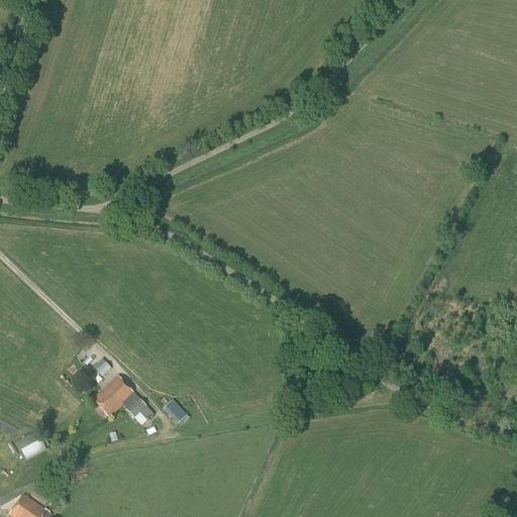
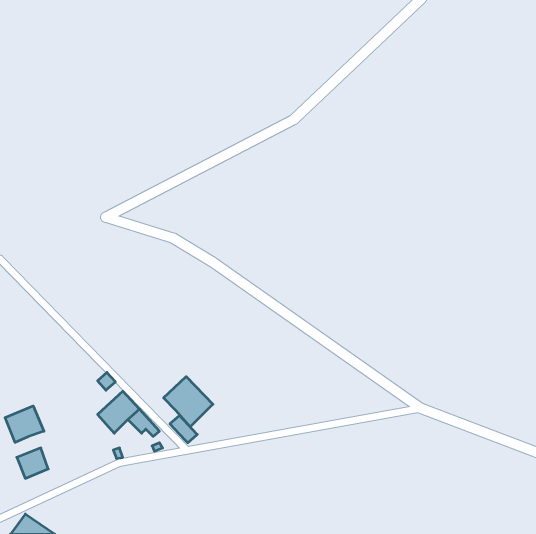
building: none -> [164,377,213,427]
building: none -> [5,406,44,442]

